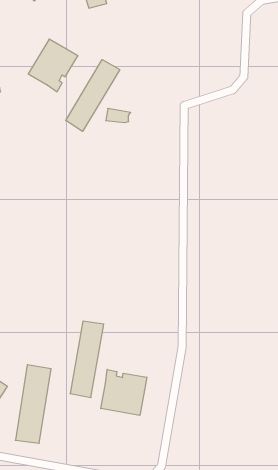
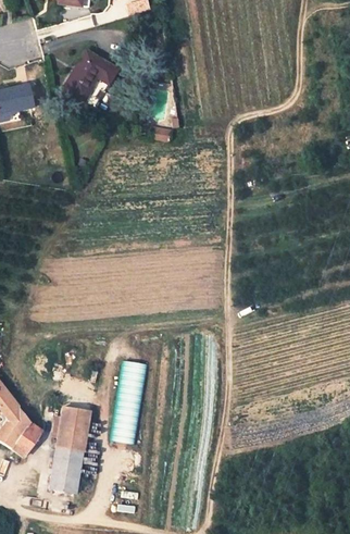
building: [66,60,120,131] -> none
building: [101,369,147,415] -> none

